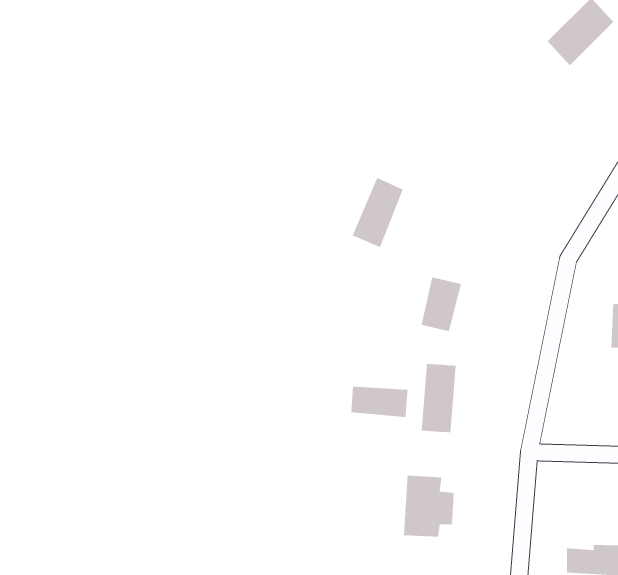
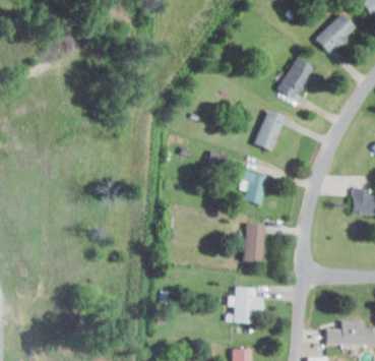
building: none -> [277,58,314,99]
building: [352,177,403,248] -> [254,109,284,149]
building: [351,386,408,418] -> none

